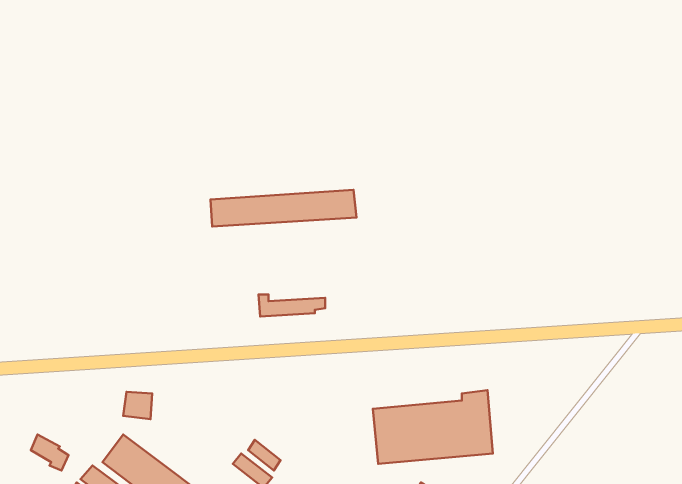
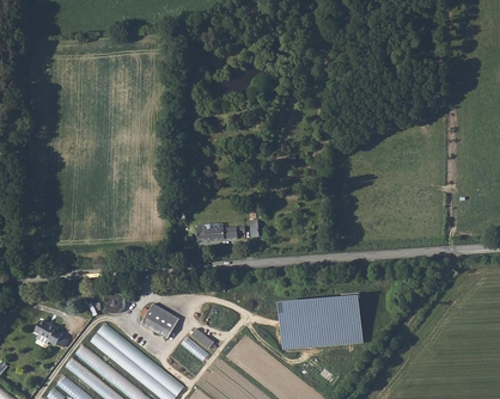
building: [210,190,357,227] -> none
building: none -> [142,307,181,338]

